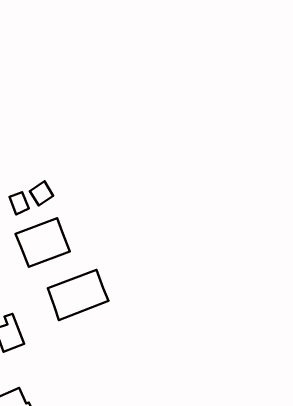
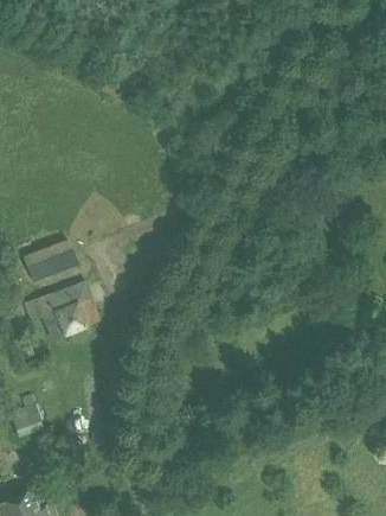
building: [48,270,108,320] -> none

